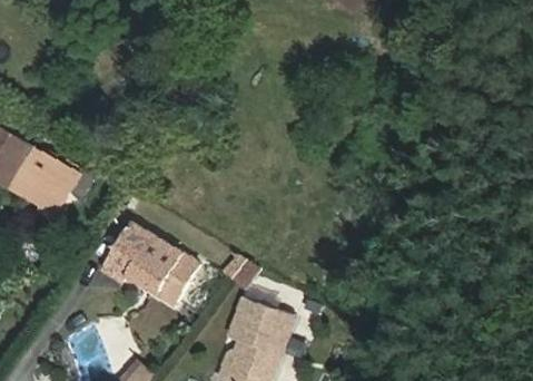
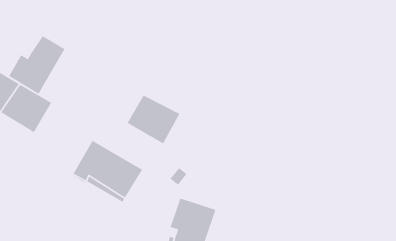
building: none -> [8,35,66,95]
building: none -> [126,94,181,144]

